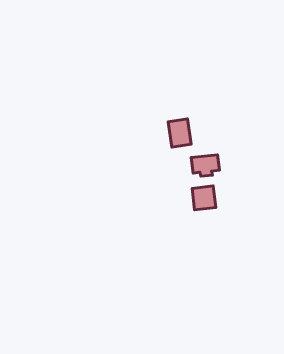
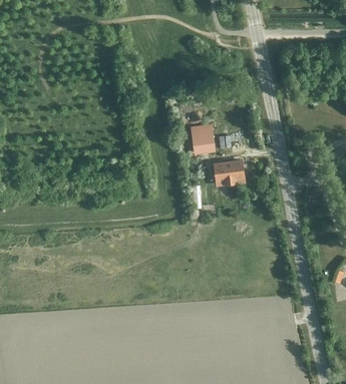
building: [192,186,216,210] -> none

